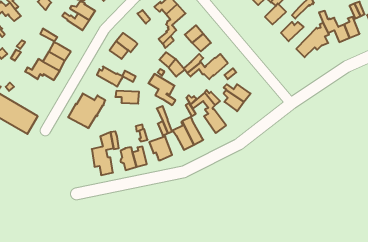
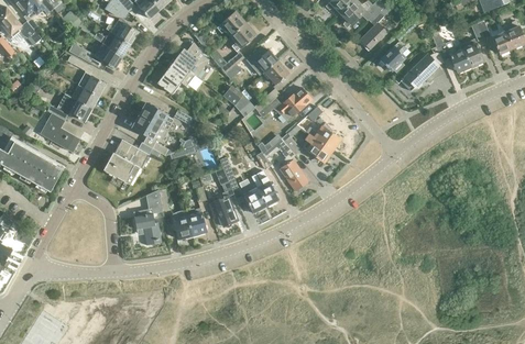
building: none -> [77,44,121,69]
building: none -> [174,48,208,77]
building: none -> [40,113,83,153]
building: [148,74,175,105] -> [132,115,167,156]

